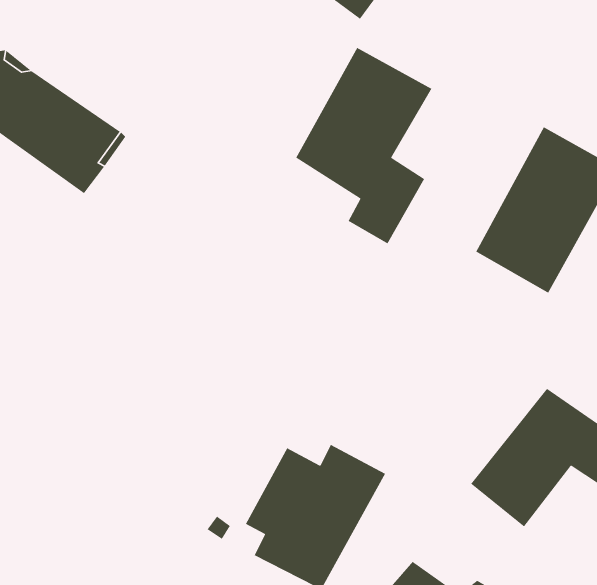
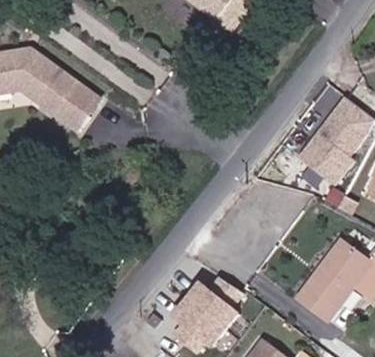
building: [295,47,432,245] -> none

